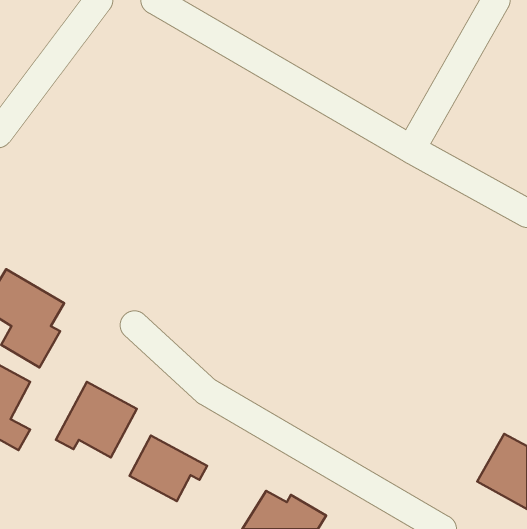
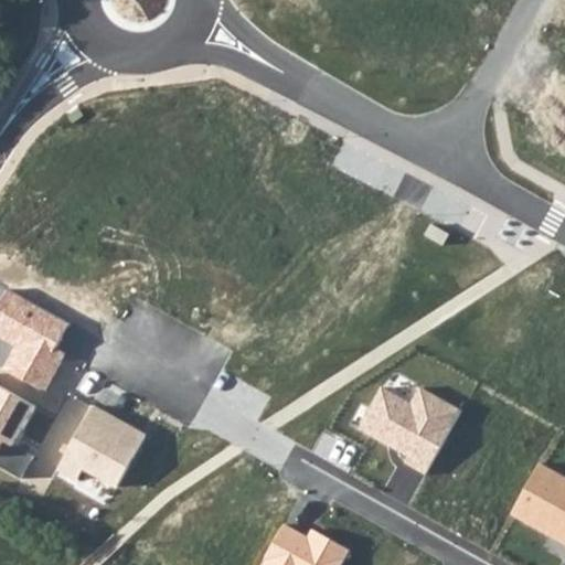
building: none -> [356,386,460,478]
building: [130,435,207,501] -> none

